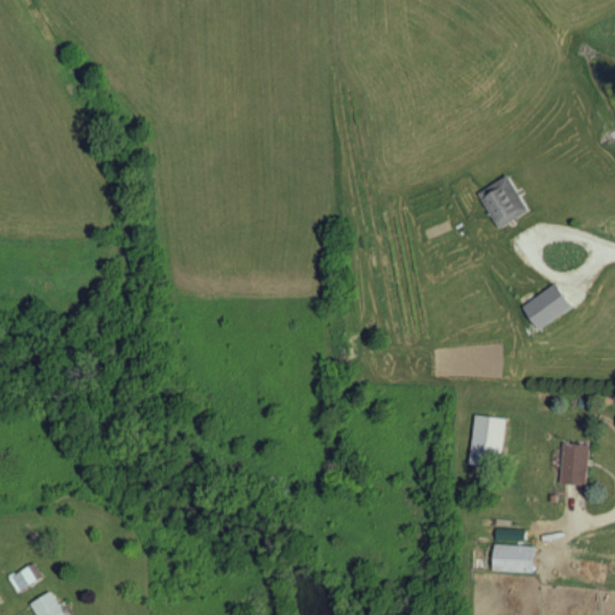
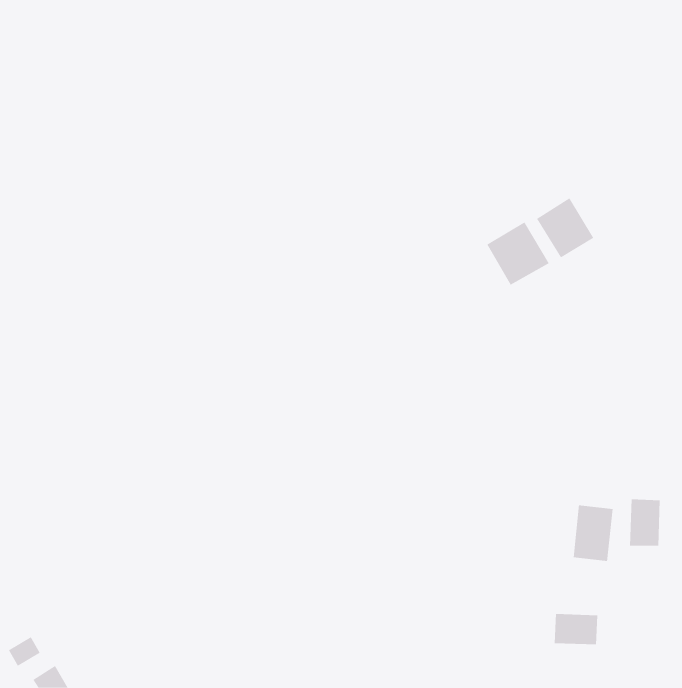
building: none -> [487,221,550,286]
building: [521,283,571,329] -> none
building: [468,416,504,466] -> [573,505,613,562]

